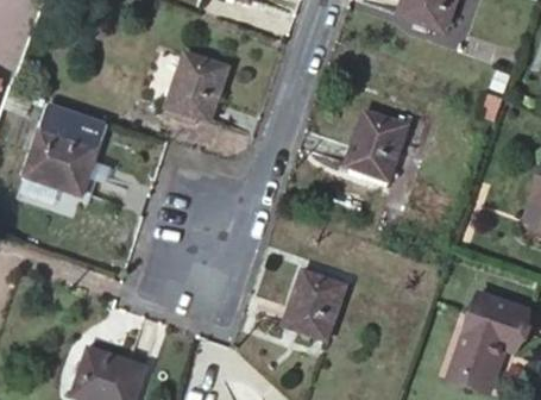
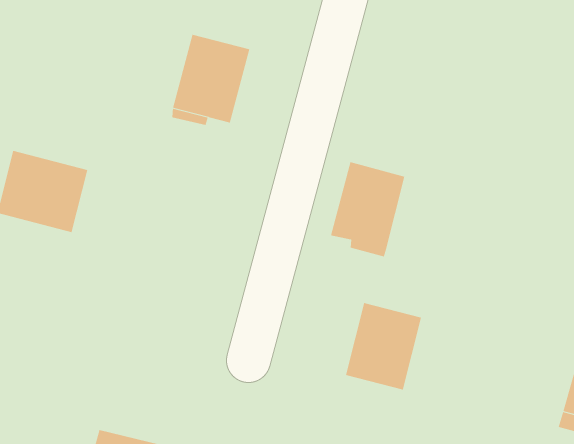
building: [40,99,107,148] -> none
building: [345,110,407,186] -> [330,161,405,257]

